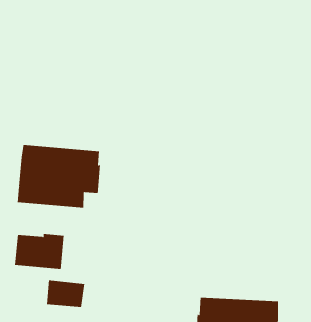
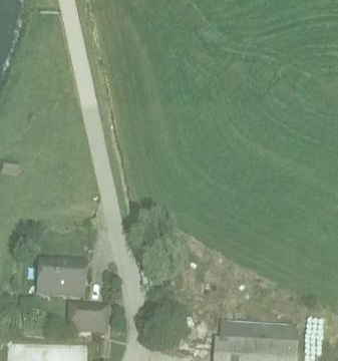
building: [17,144,101,208] -> none

